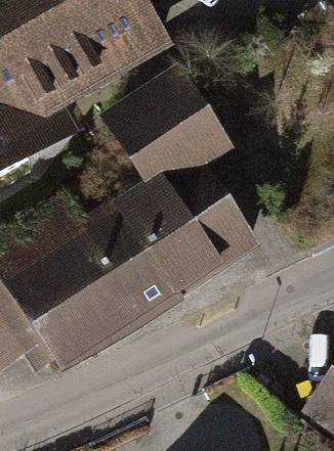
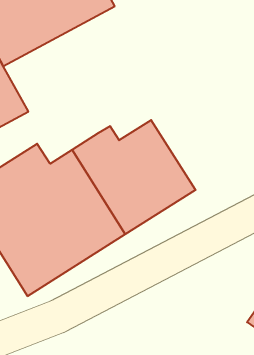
building: [97,65,233,192] -> none

